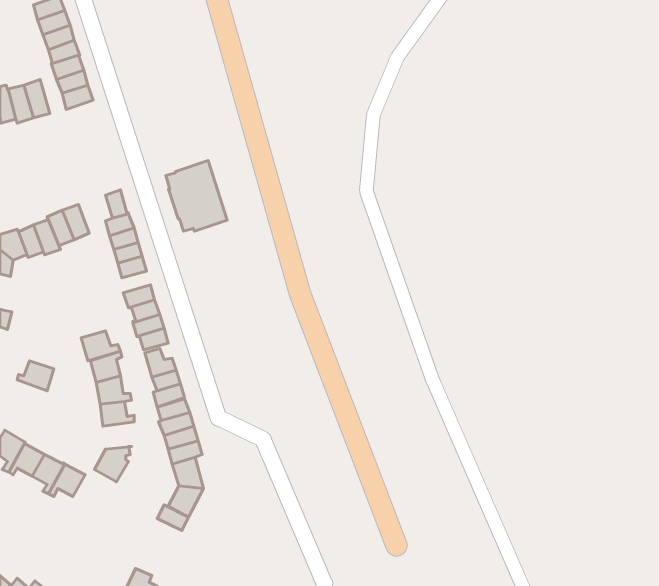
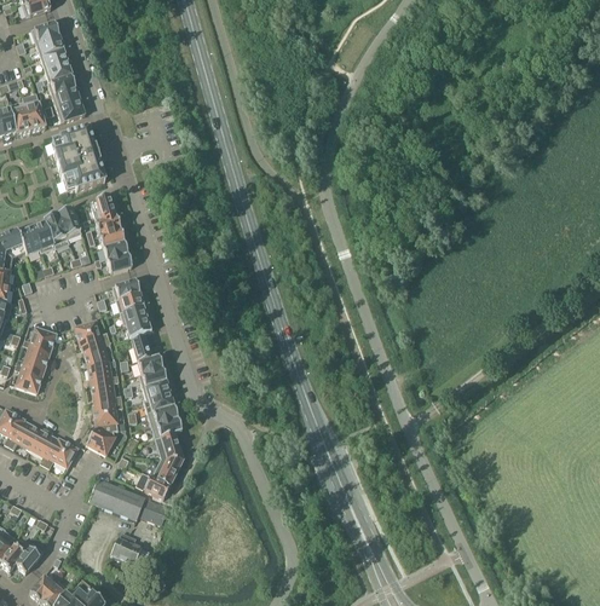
building: [166,161,227,231] -> [51,127,105,190]
building: none -> [23,325,57,353]
building: none -> [15,363,44,392]
building: none -> [92,400,122,425]
building: none -> [90,478,168,523]

